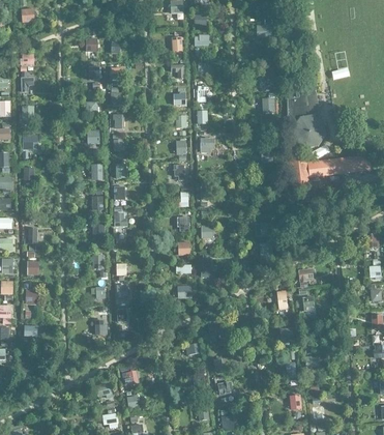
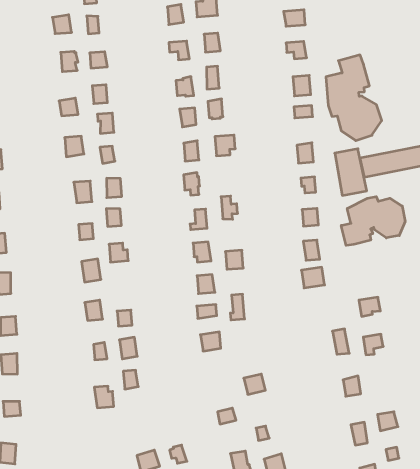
building: none -> [341,197,405,245]

